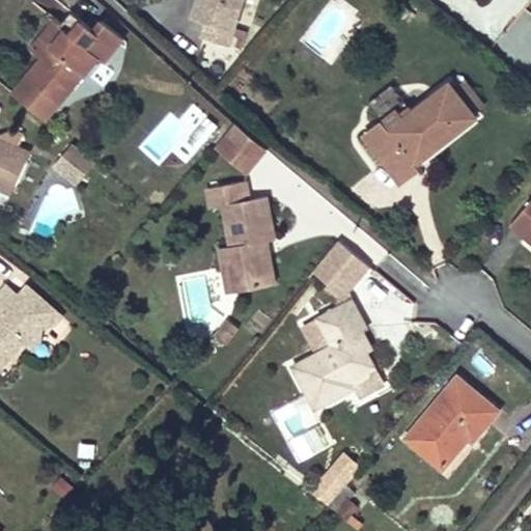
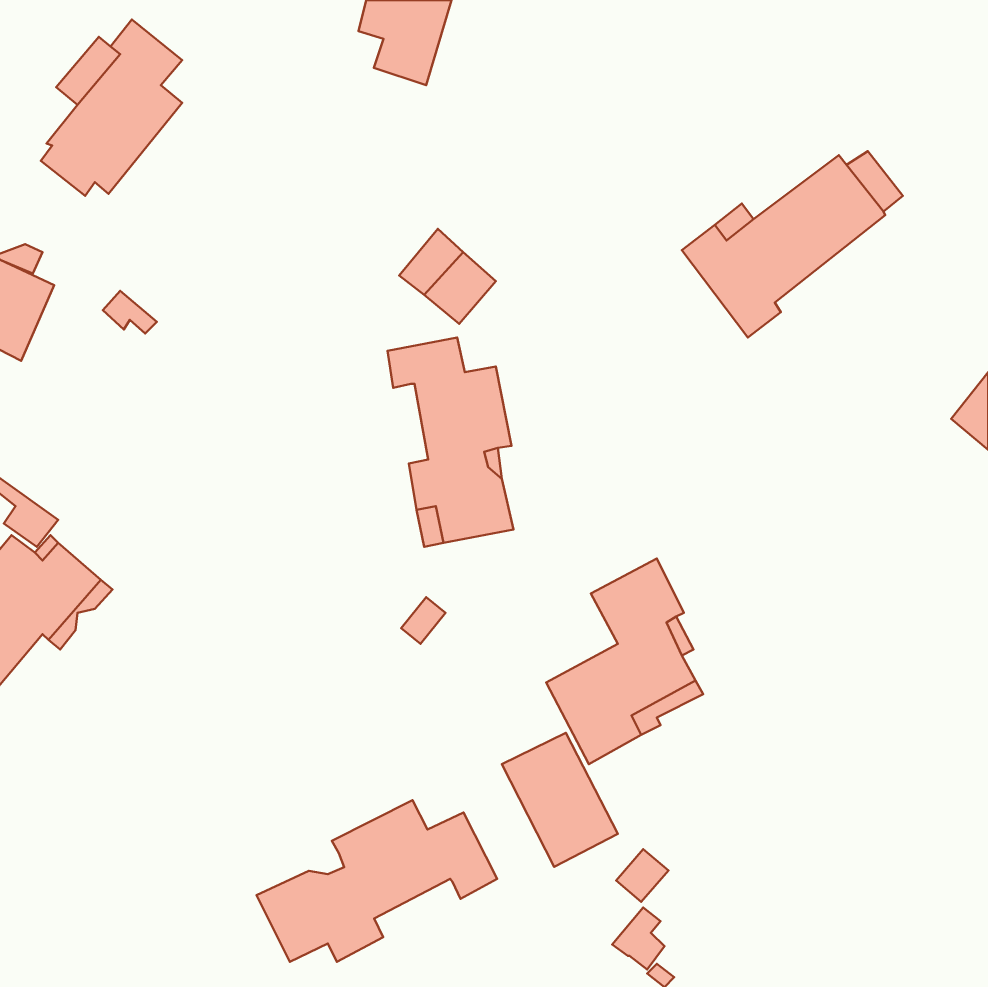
building: [315,240,367,292] -> none
building: [407,379,497,469] -> none
building: none -> [256,800,497,962]

